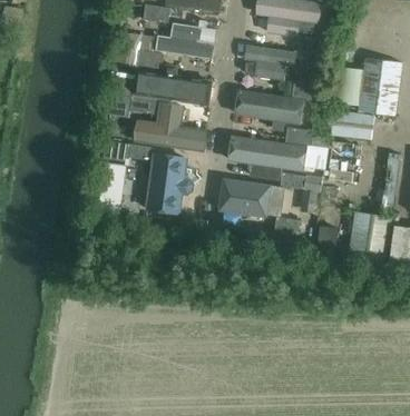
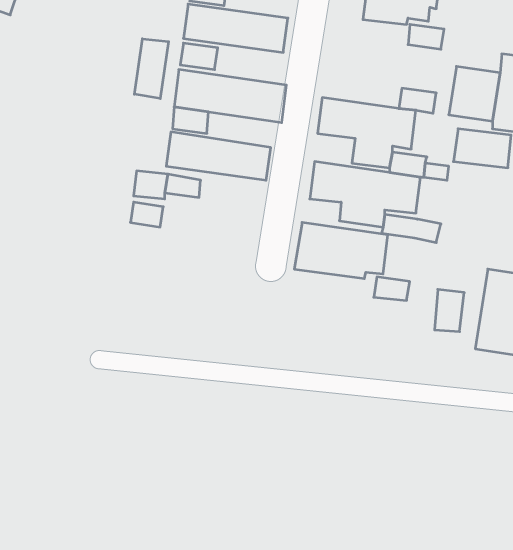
building: [243,44,295,81] -> none
building: none -> [134,39,169,99]
building: [144,152,194,215] -> none

